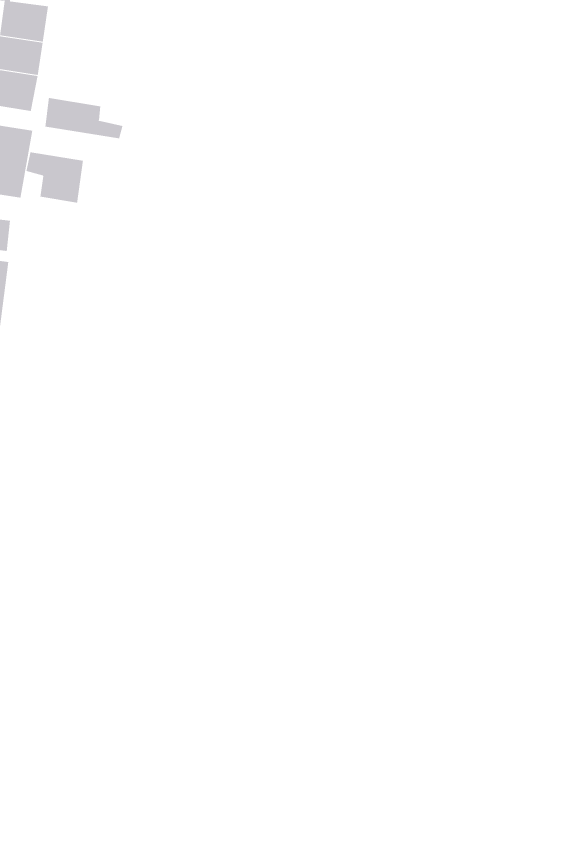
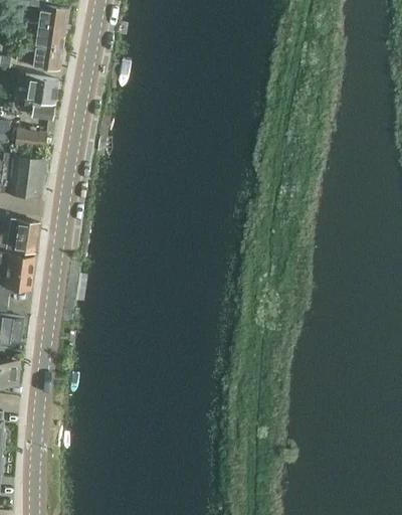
building: [45,97,123,139] -> none
building: [26,151,83,204] -> none

